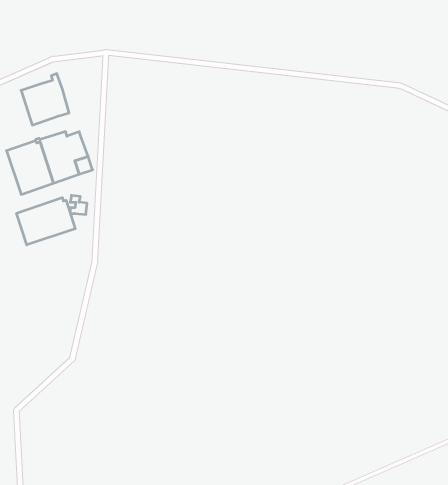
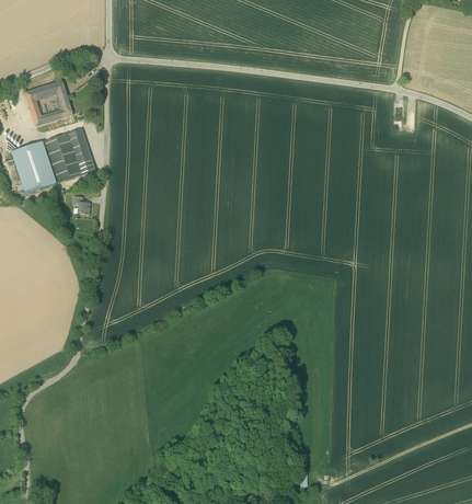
building: [17,198,75,245] -> none

